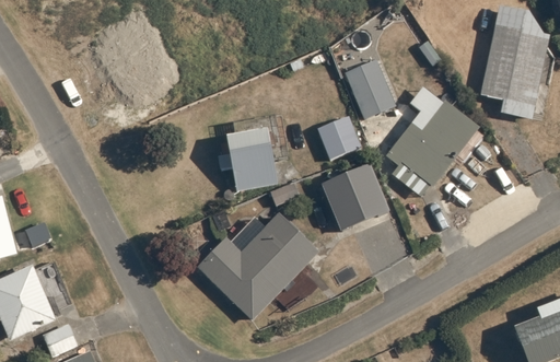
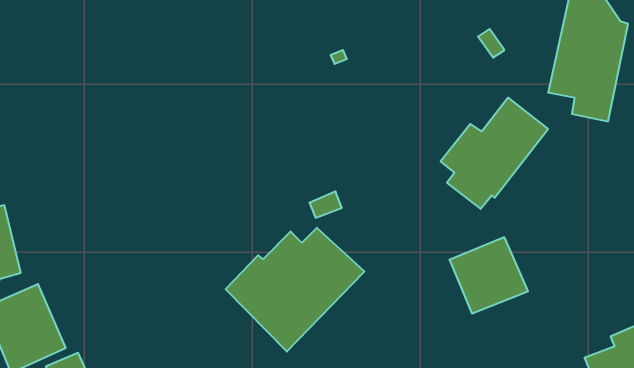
building: [345,59,397,118] -> none
building: [318,116,362,159] -> none
building: [219,130,278,191] -> none
building: [322,164,390,231] -> [449,237,528,314]

